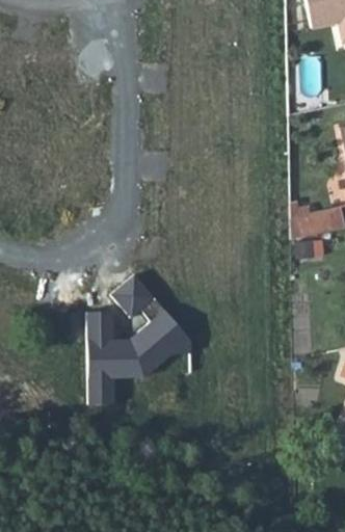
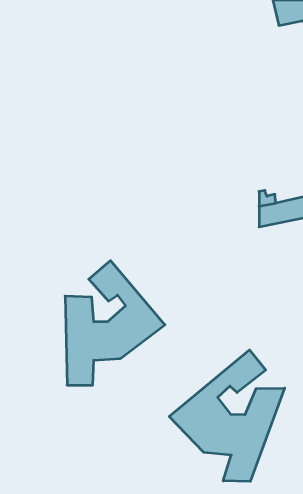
building: none -> [169,350,285,481]

